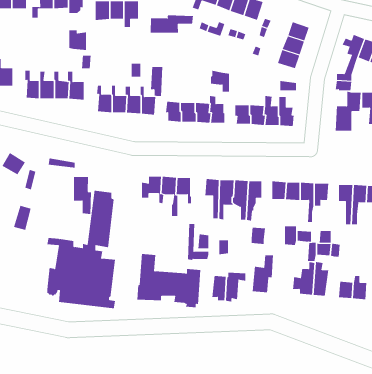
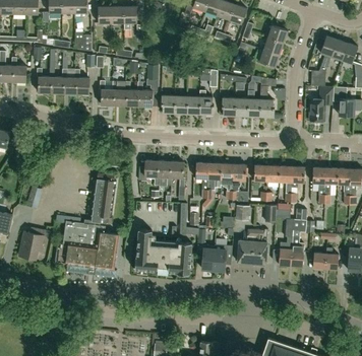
building: [150,14,193,34] -> none
building: [73,176,92,215] -> none
building: none -> [19,226,50,259]
building: none -> [251,228,268,265]

